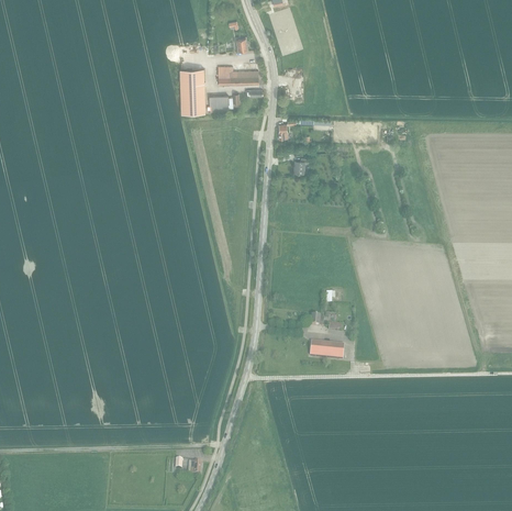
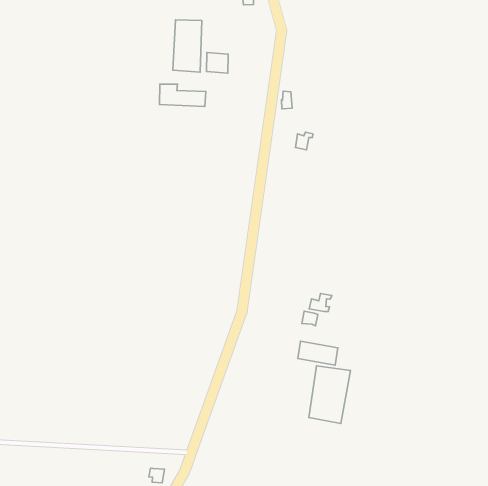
building: [218,66,258,85] -> [160,84,206,107]
building: none -> [309,366,350,423]

